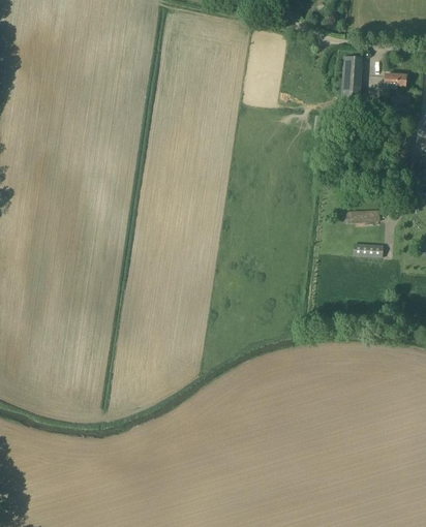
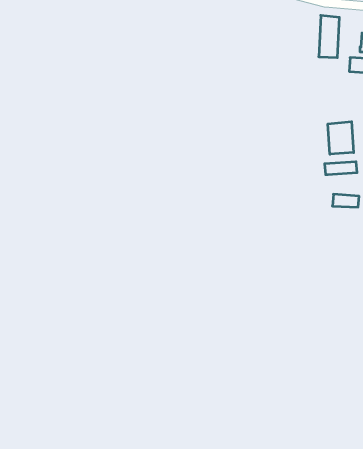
building: none -> [328,122,354,154]

